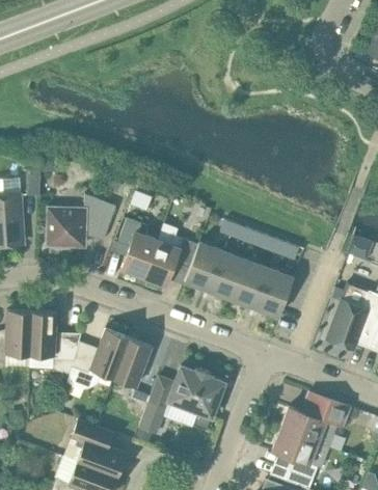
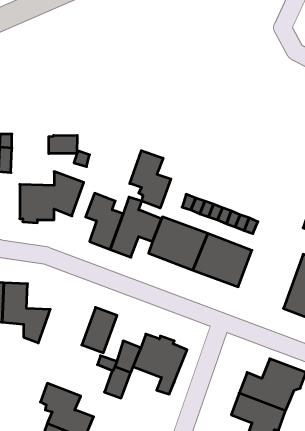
building: none -> [49,135,77,154]
building: none -> [130,151,171,208]
building: [65,329,128,389] -> none

